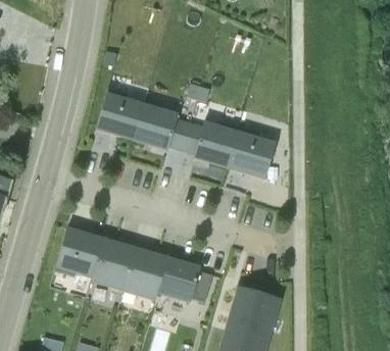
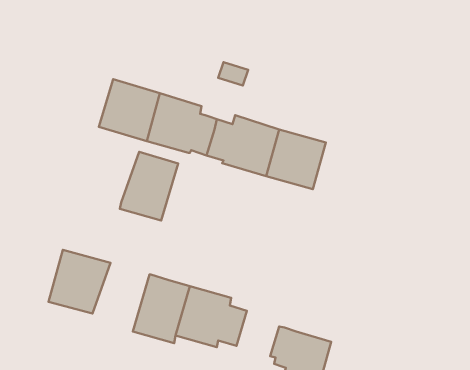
building: [90,237,136,291] -> [120,152,178,220]

